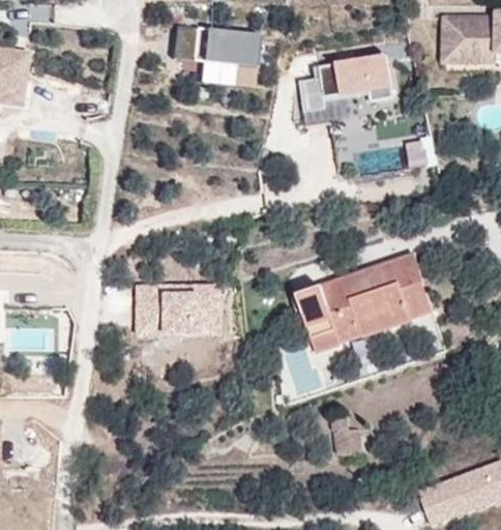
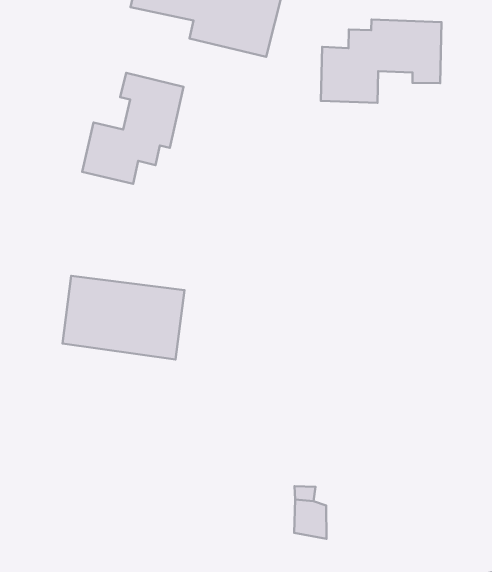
building: none -> [82,73,184,184]
building: [295,254,433,353] -> none

